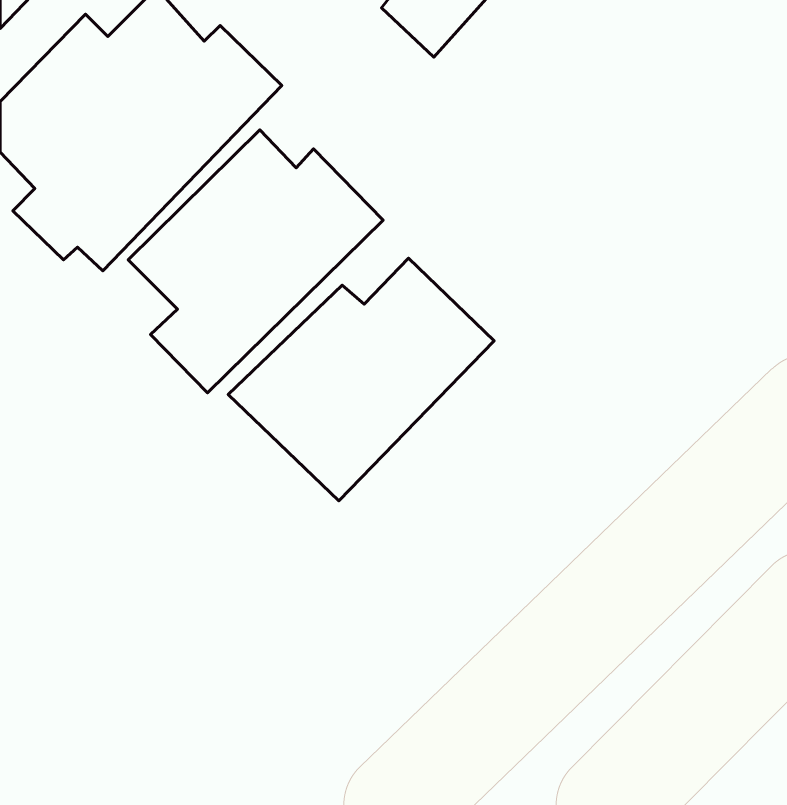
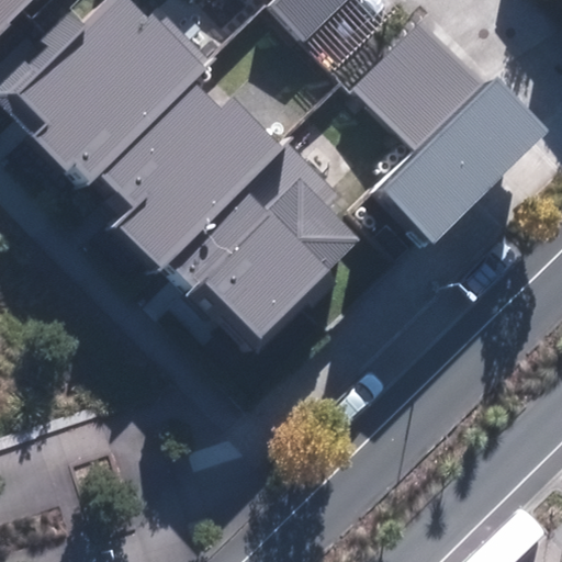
building: none -> [364,29,541,250]

